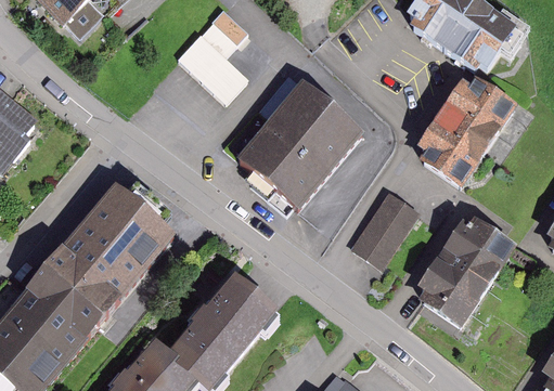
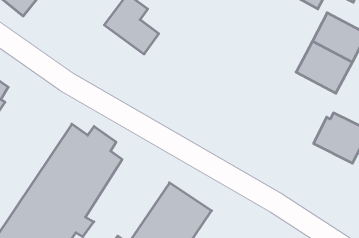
building: [232,81,356,208] -> none
building: [342,183,418,264] -> none
building: [408,246,485,321] -> none

